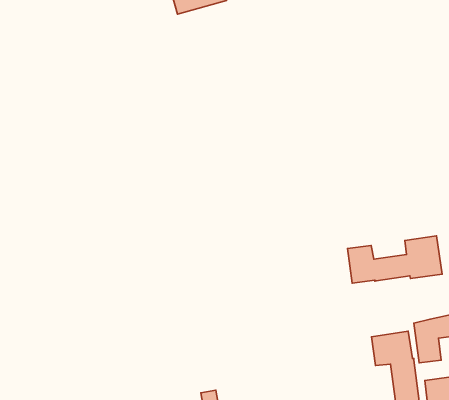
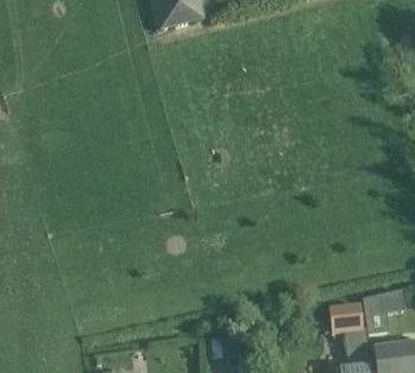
building: [347,236,442,283] -> none

